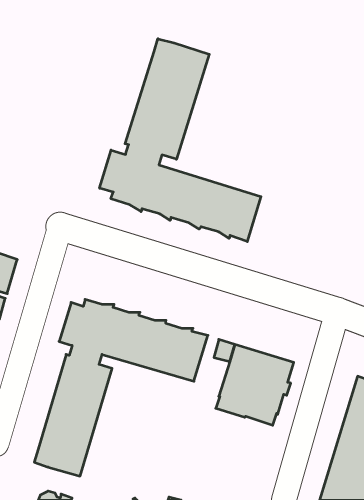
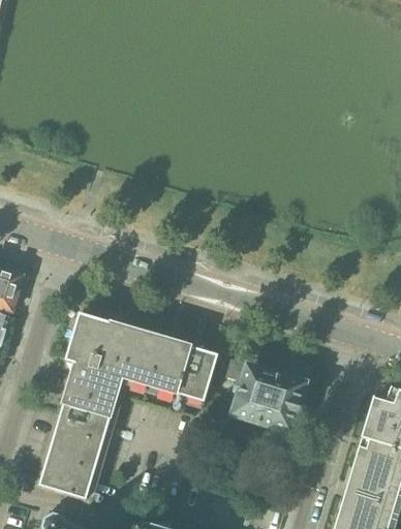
building: [100,39,261,242] -> none

